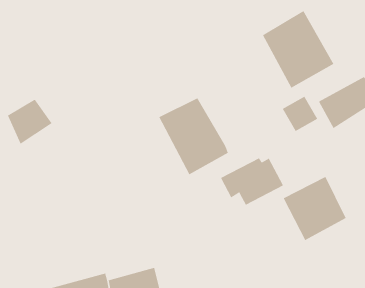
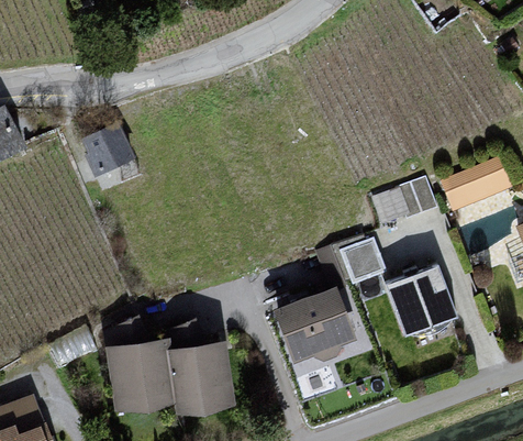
building: [262,10,334,89] -> none
building: [159,98,228,175] -> none
building: none -> [277,288,357,364]

